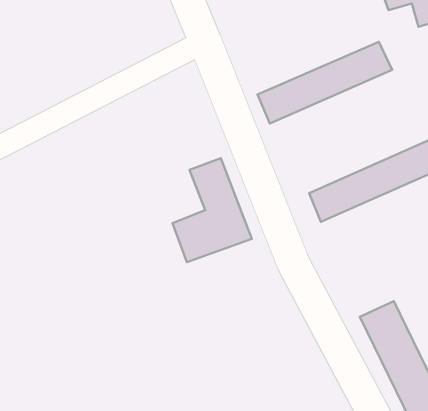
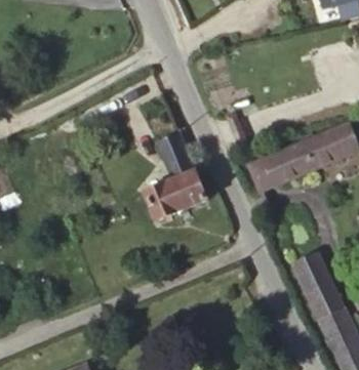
building: [257,42,392,124] -> none

